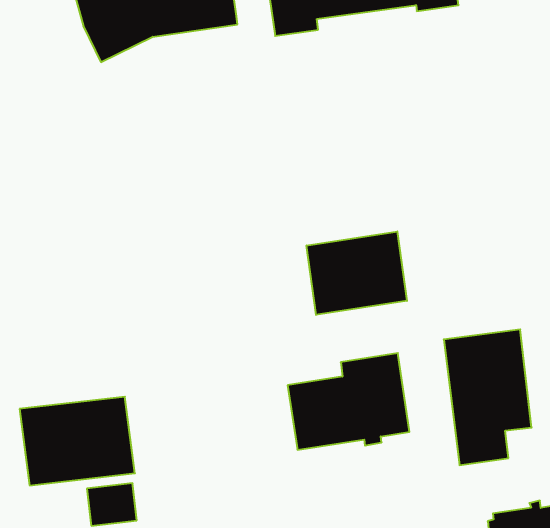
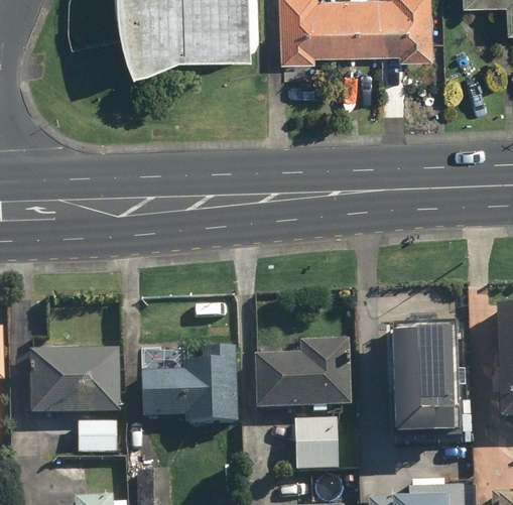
building: [307,231,407,315] -> none
building: none -> [142,347,238,423]
building: none -> [295,419,339,470]

